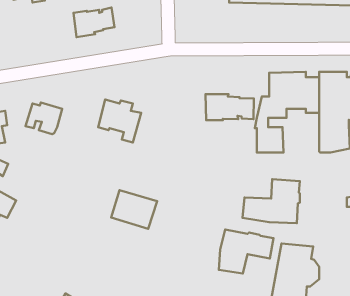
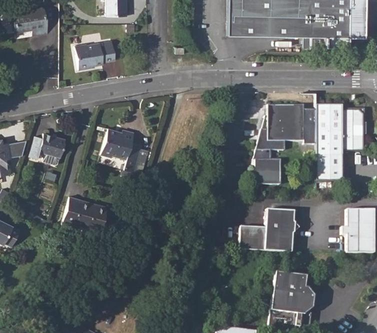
building: [205,94,254,120] -> none
building: [111,190,157,229] -> [63,196,108,234]
building: [219,229,274,274] -> none

